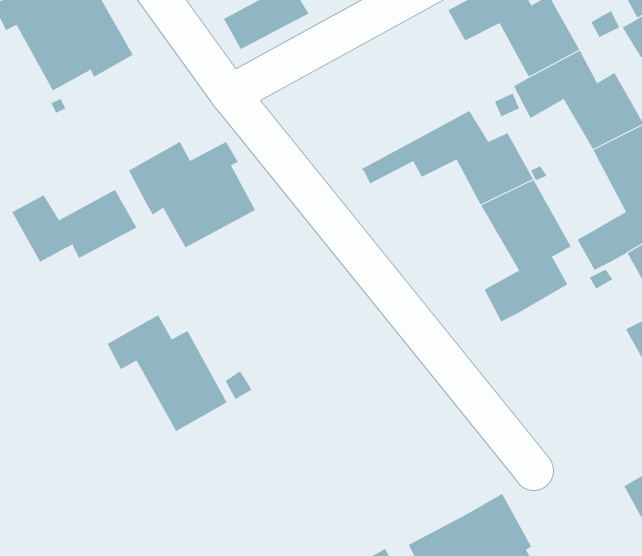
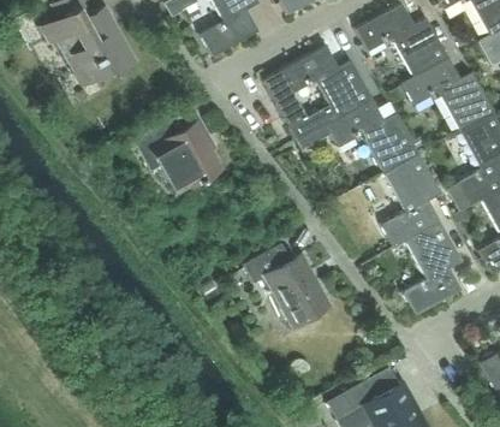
building: none -> [263,45,371,140]
building: [11,189,137,263] -> none
building: none -> [404,220,463,316]
building: [107,315,227,432] -> [244,243,328,325]

